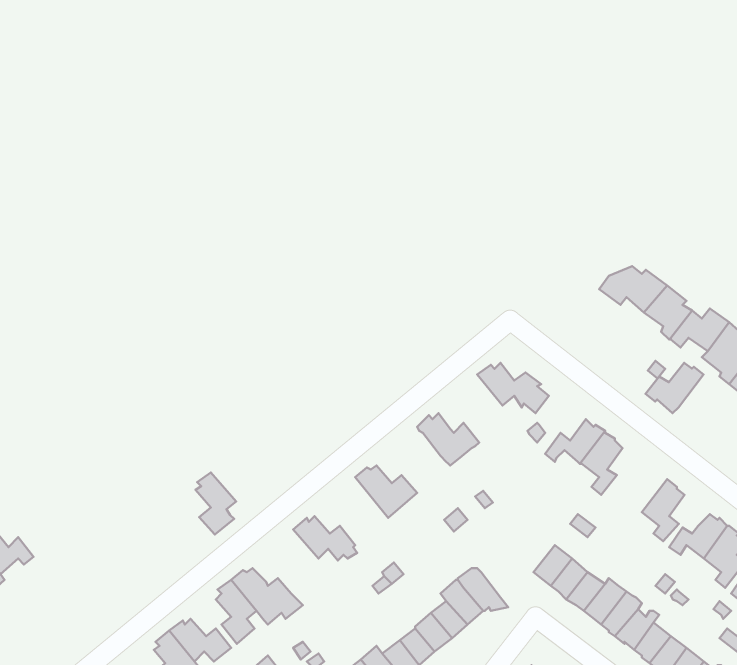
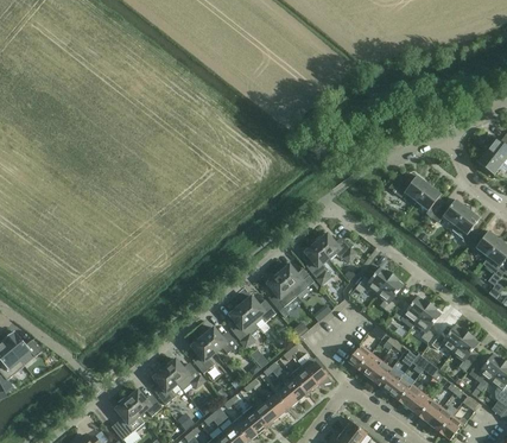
building: [645,363,704,413] -> [394,297,430,328]
building: none -> [305,240,331,286]
building: none -> [267,272,297,317]
building: [195,472,236,535] -> [191,335,216,373]
building: none -> [229,303,260,348]

